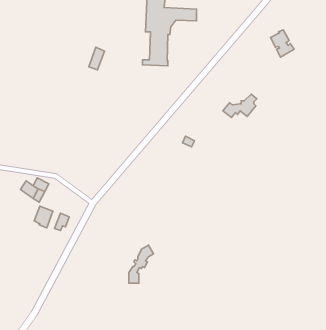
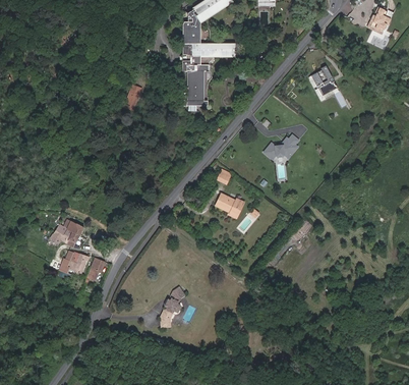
building: none -> [218,197,247,222]

